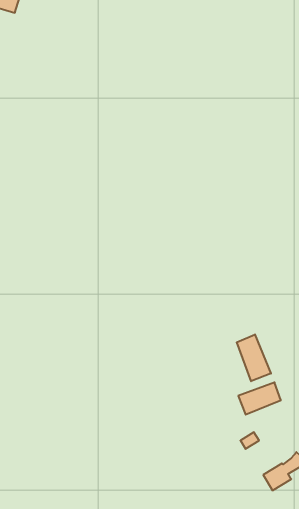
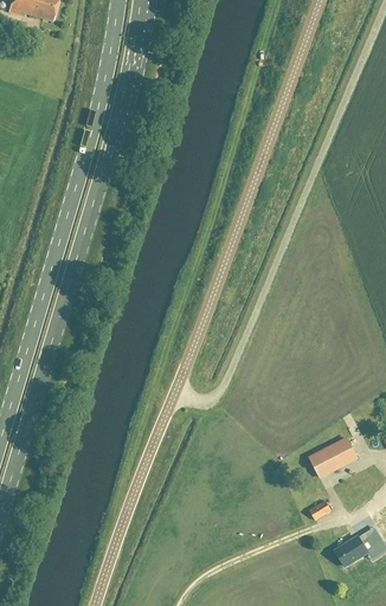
building: [237,334,271,381] -> none

